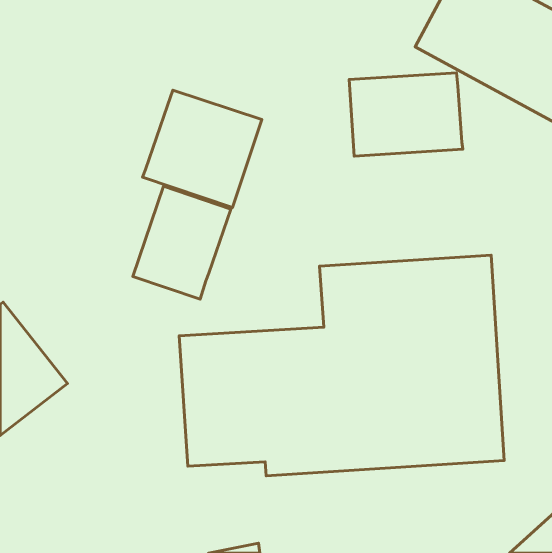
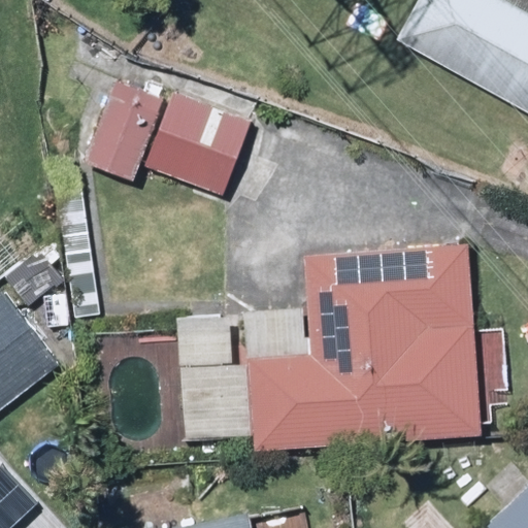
building: [349,73,463,156] -> none
building: [133,186,231,299] -> [69,78,162,186]

